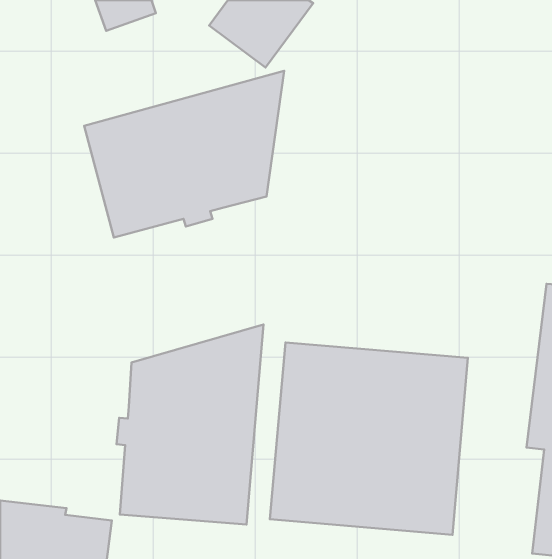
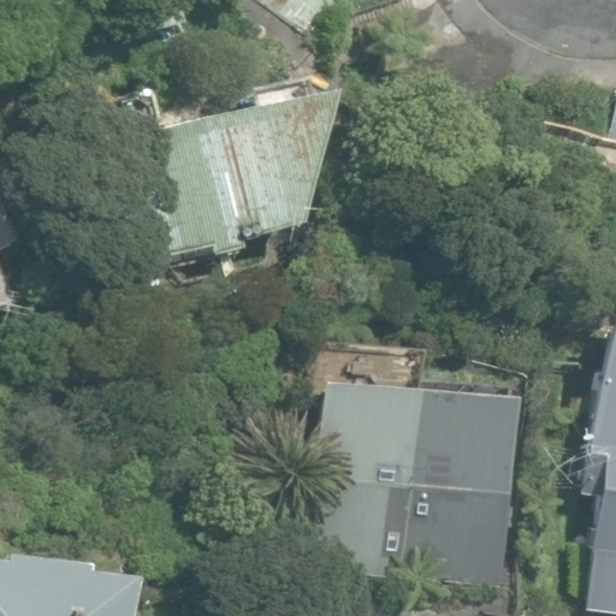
building: [116,325,263,524] -> none

